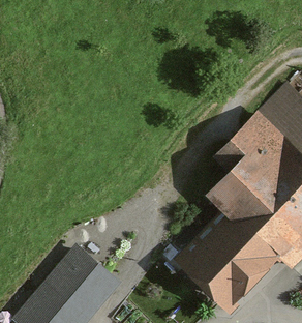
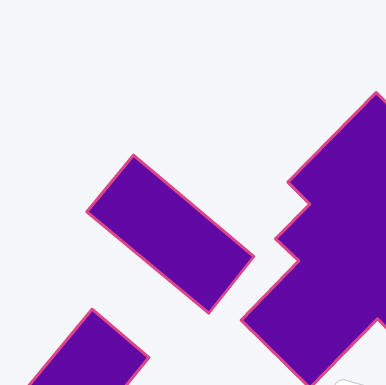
building: none -> [87,155,254,313]

